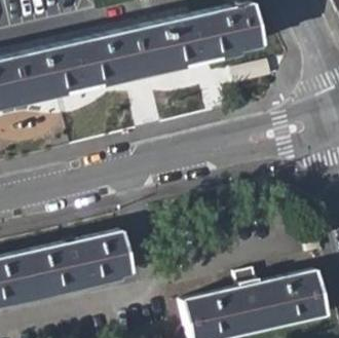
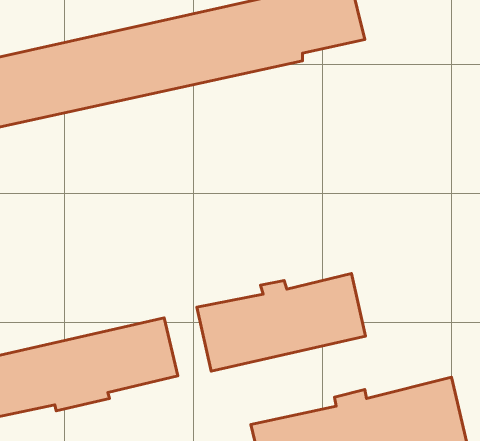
building: none -> [197,273,365,371]

